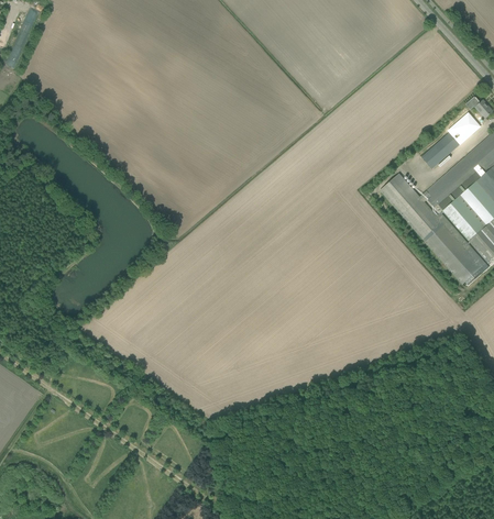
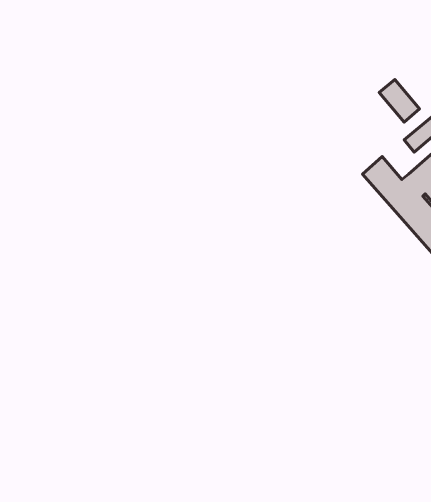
building: none -> [379,79,420,122]

